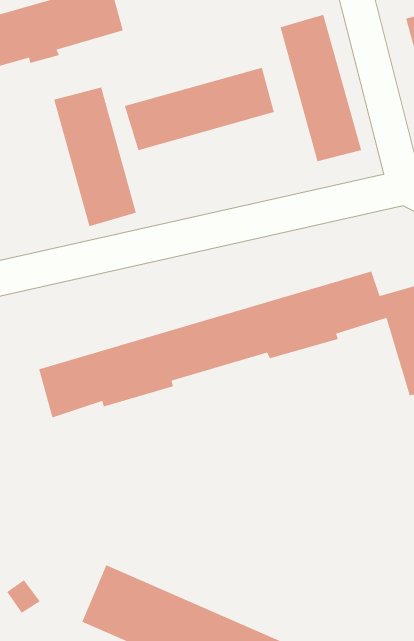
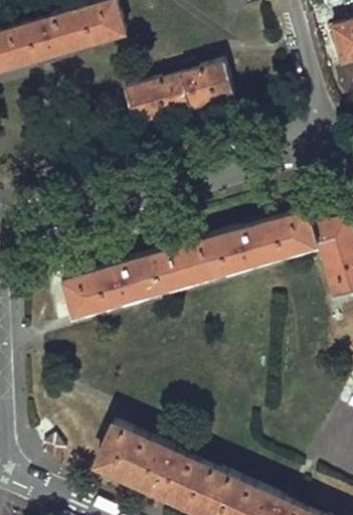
building: [279,14,362,162] -> none
building: [53,87,137,227] -> none

